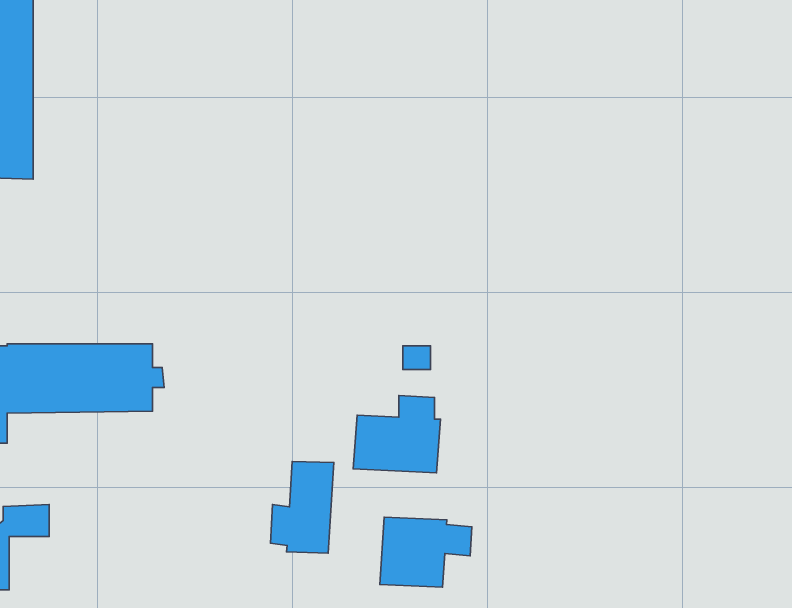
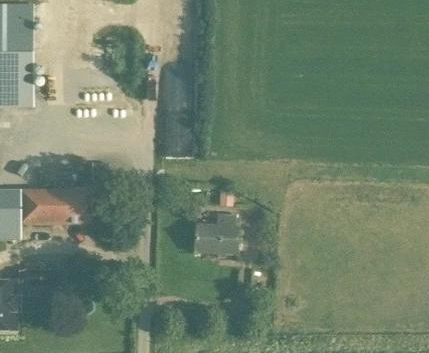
building: [270,461,334,553] -> none
building: [380,517,472,587] -> none

